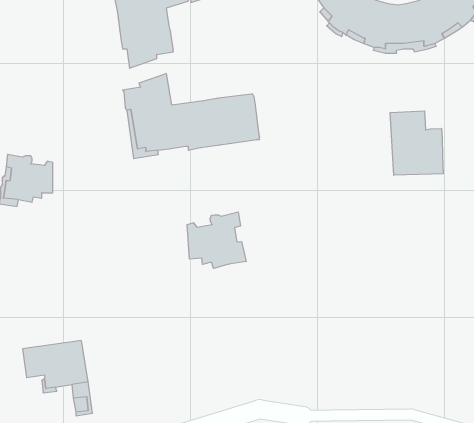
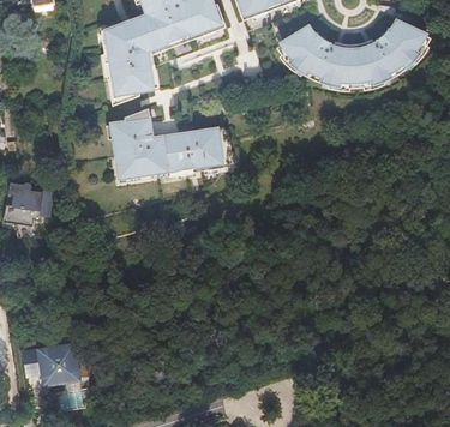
building: [390,111,443,175] -> none
building: [187,212,246,268] -> none

